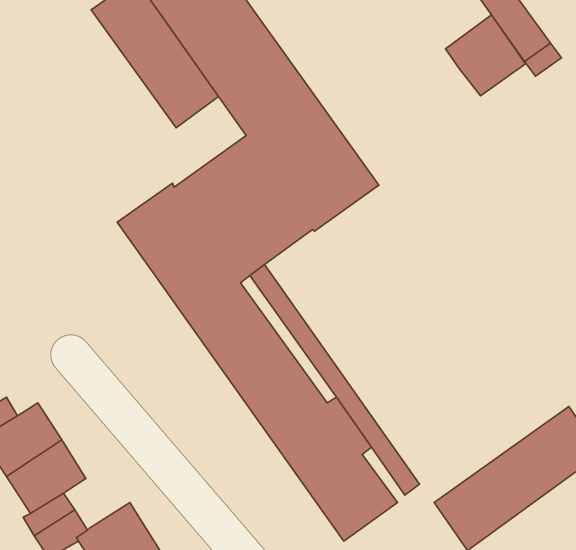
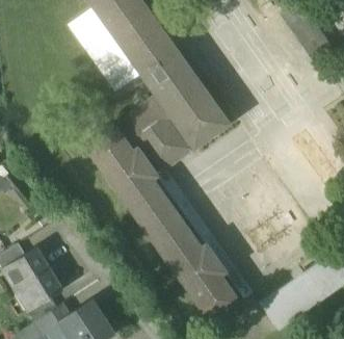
building: [446,15,525,96] -> none

